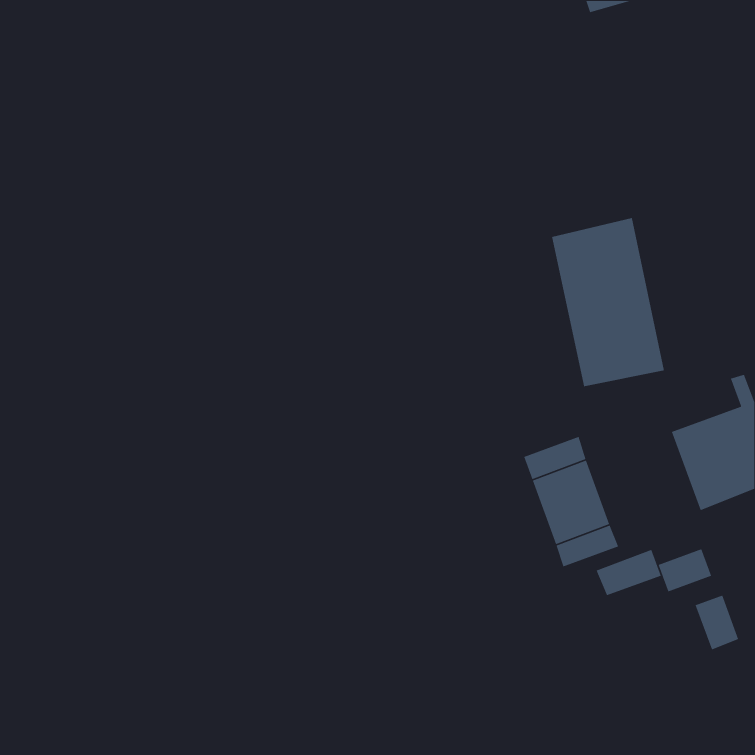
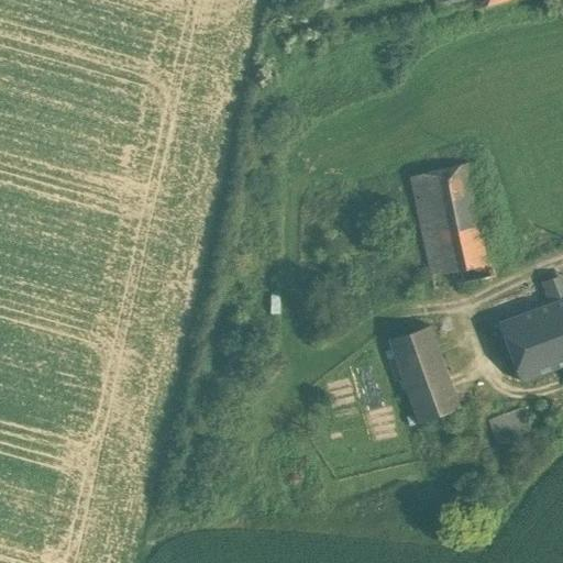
building: [595,549,662,596] -> none
building: [694,594,739,651] -> none

